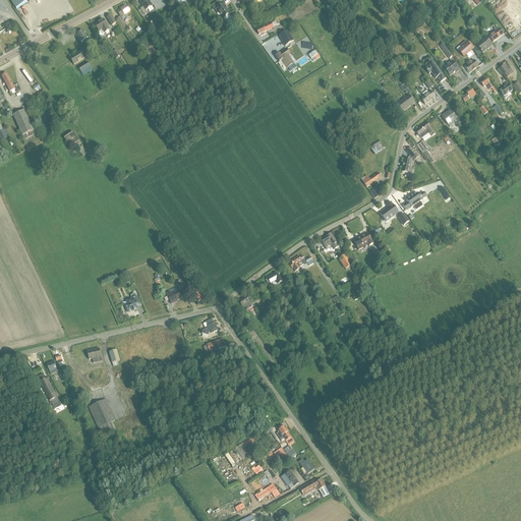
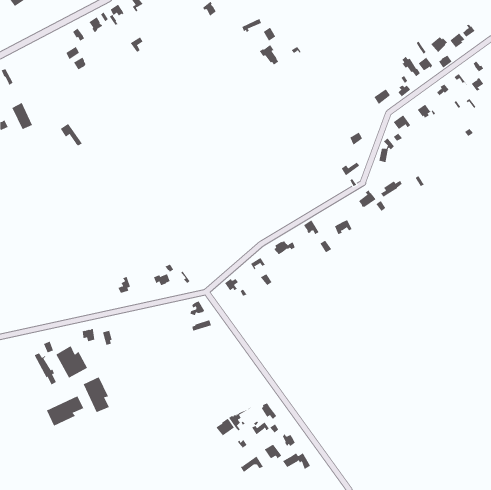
building: none -> [56,345,88,378]
building: none -> [46,395,84,426]

